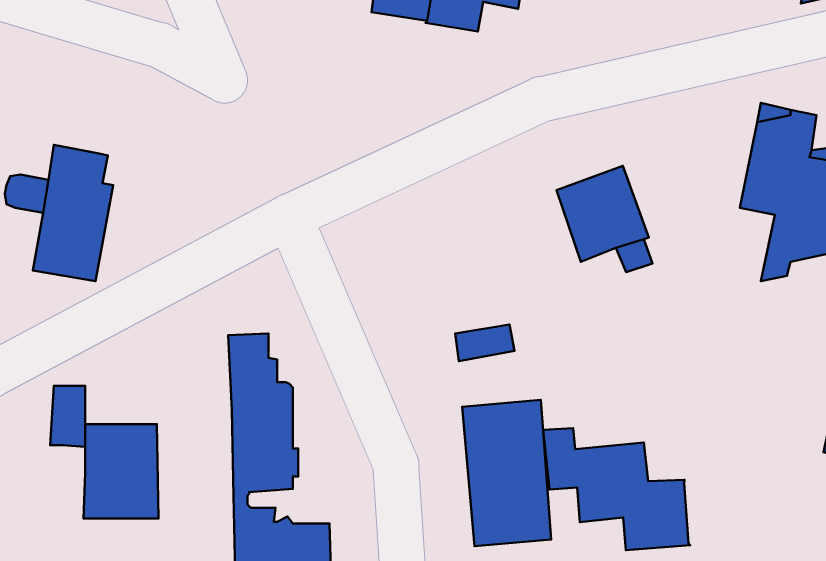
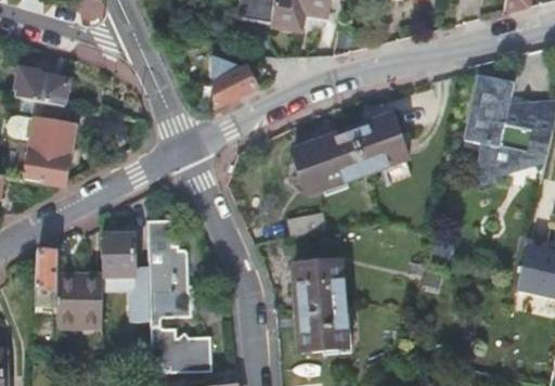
building: none -> [214,56,258,107]
building: none -> [17,67,72,106]
building: none -> [293,129,366,191]
building: none -> [103,234,151,320]
building: [543,428,690,550] -> none

